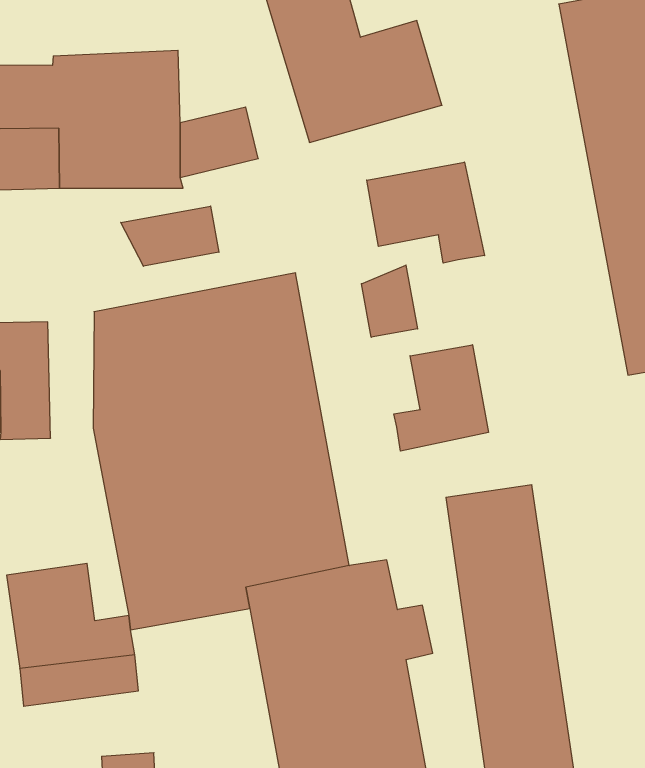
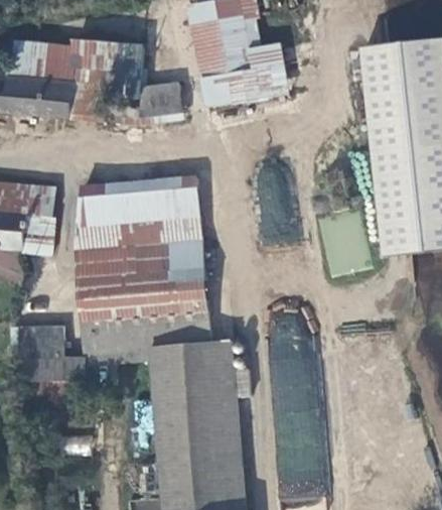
building: [367,162,485,263] -> none
building: [121,206,219,266] -> none
building: [361,265,418,337] -> none
building: [394,345,488,451] -> none

